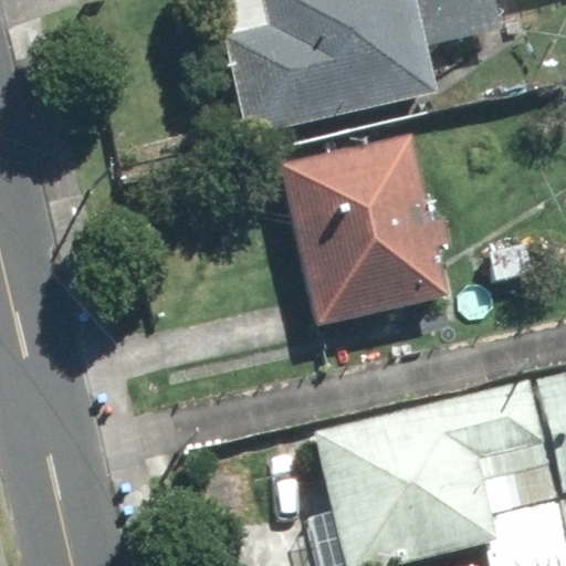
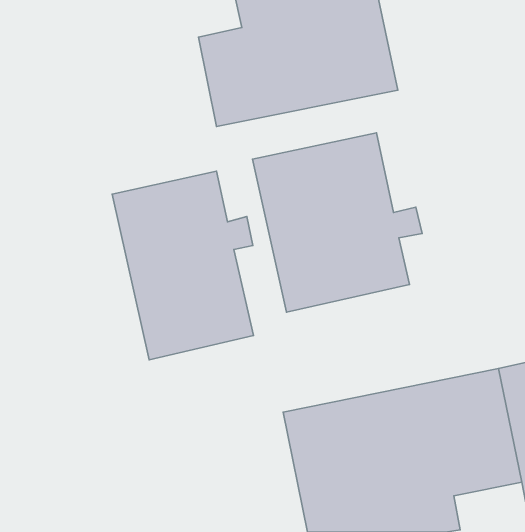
building: none -> [112,171,254,360]

